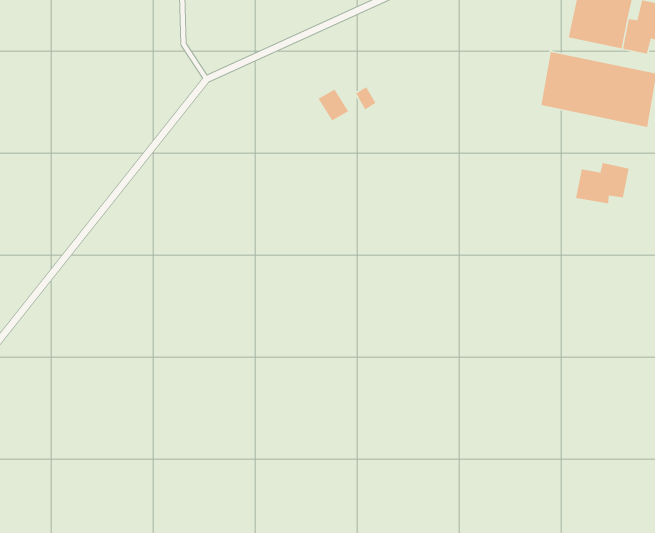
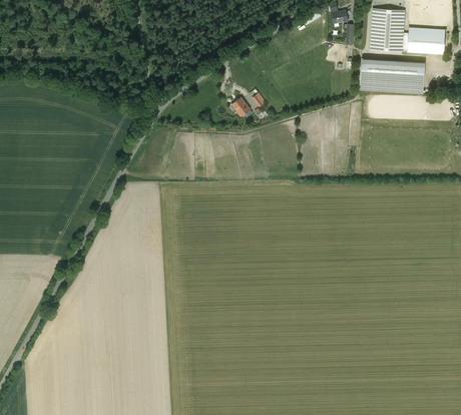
building: [575,162,630,204] -> none

